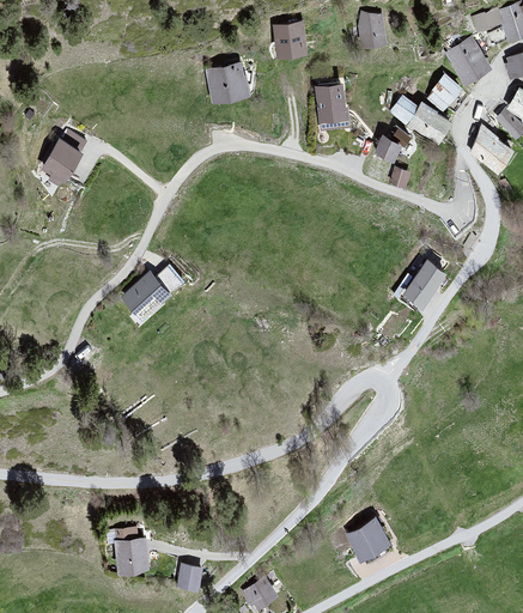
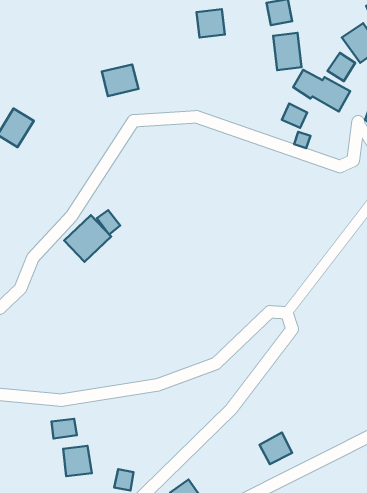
building: [208,66,251,103] -> [102,65,138,96]
building: [316,83,349,127] -> [273,33,302,70]
building: [406,260,449,306] -> none
building: none -> [51,419,77,438]

